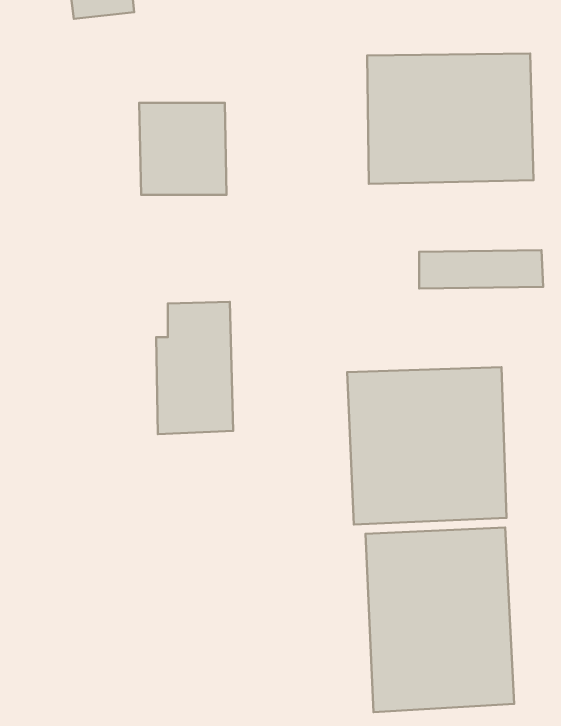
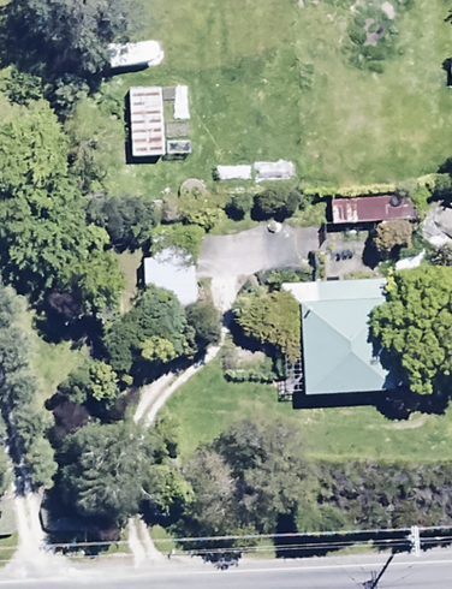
building: [367,53,534,184] -> none
building: [366,528,514,712] -> none

